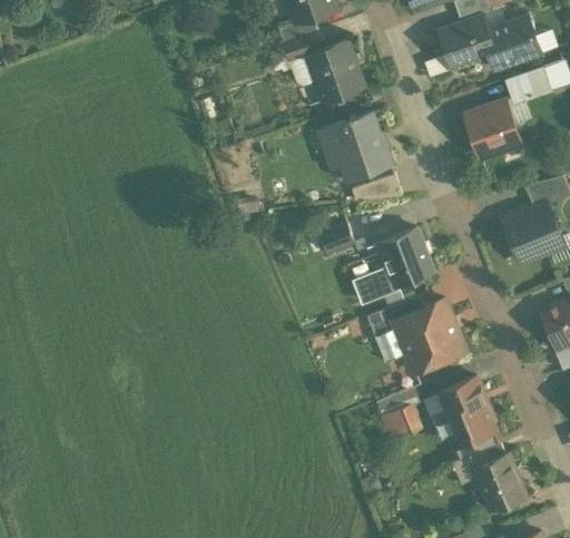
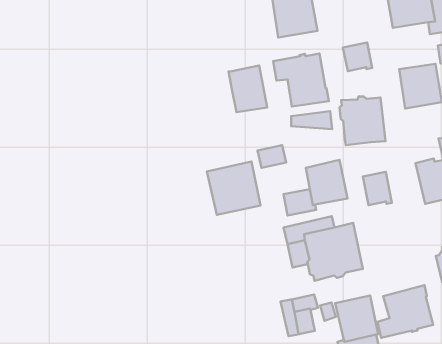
building: none -> [343,43,372,71]
building: none -> [228,66,267,112]
building: none -> [340,97,386,145]
building: none -> [363,172,392,205]
building: none -> [207,161,260,215]
building: none -> [377,285,433,338]

